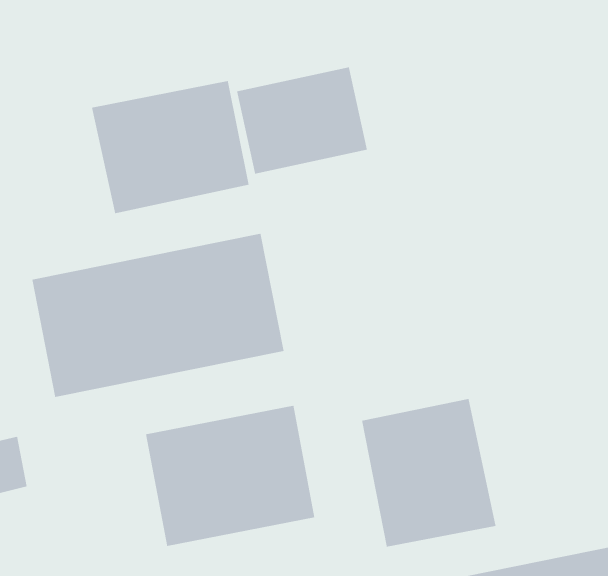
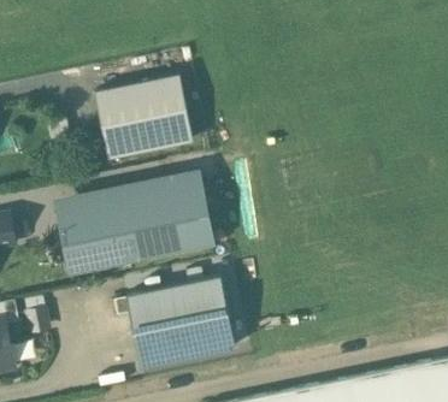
building: [237,67,367,174] -> none
building: [362,398,496,548] -> none

